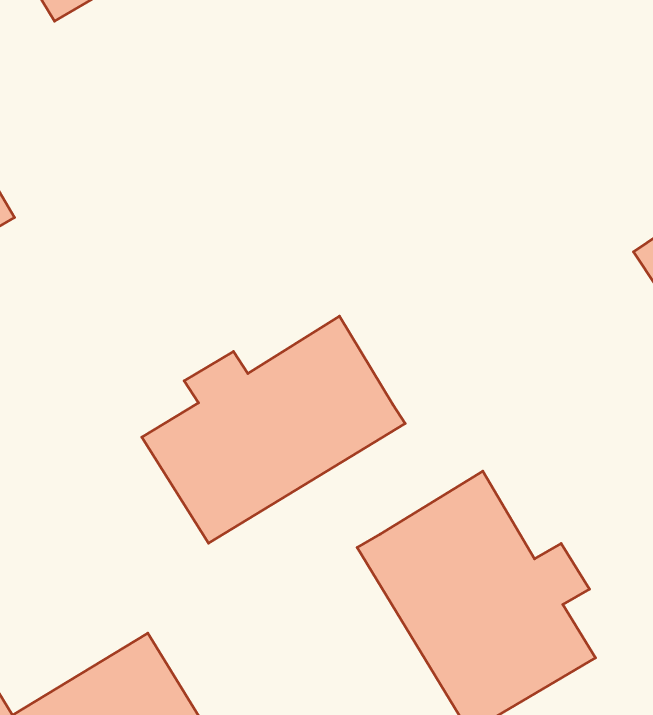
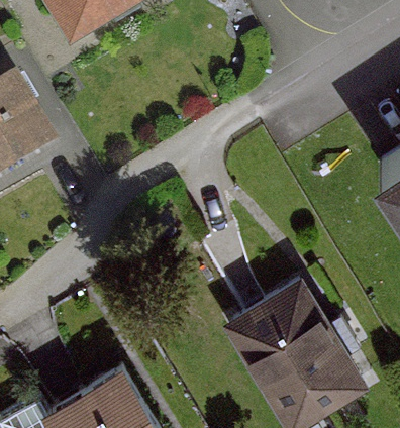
building: [142,316,405,543] -> none

